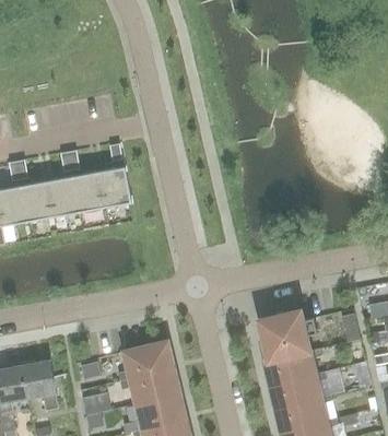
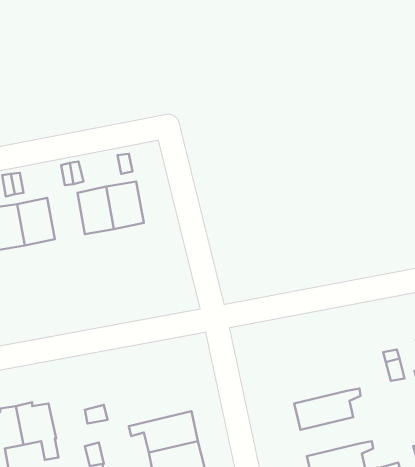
building: [48,177,81,217] -> none
building: [259,310,317,361] -> none
building: [118,341,174,380] -> none
building: [269,370,327,406] -> none

